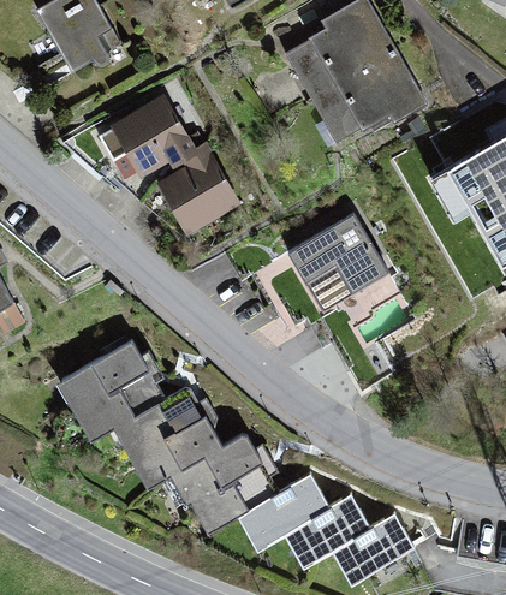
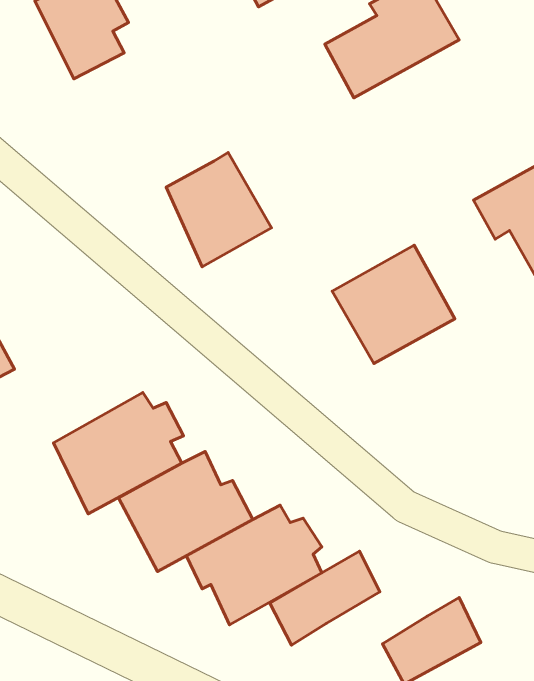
building: [308,47,427,143] -> none
building: [107,94,191,179] -> none
building: [285,492,369,567] -> none

